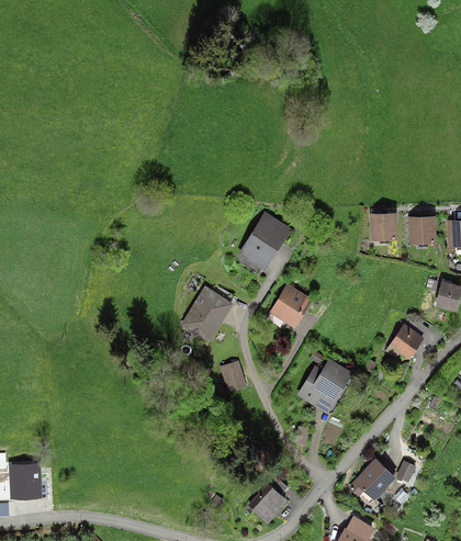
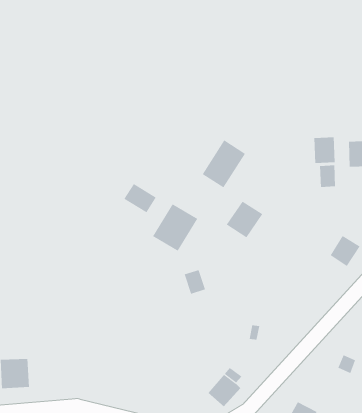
building: none -> [320,164,336,188]
building: none -> [124,183,157,213]
building: [299,358,356,415] -> none
building: [357,461,397,500] -> none

